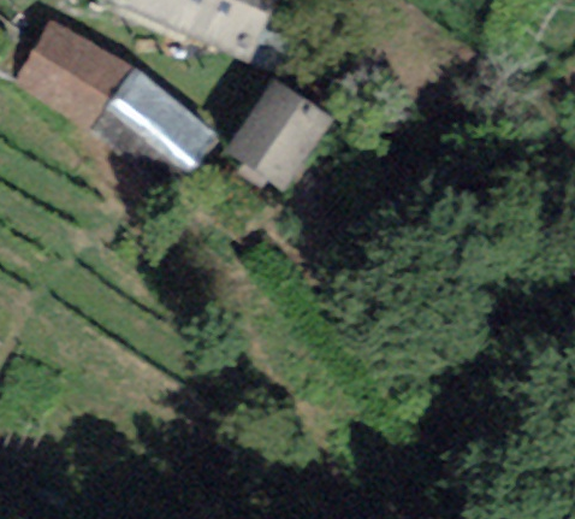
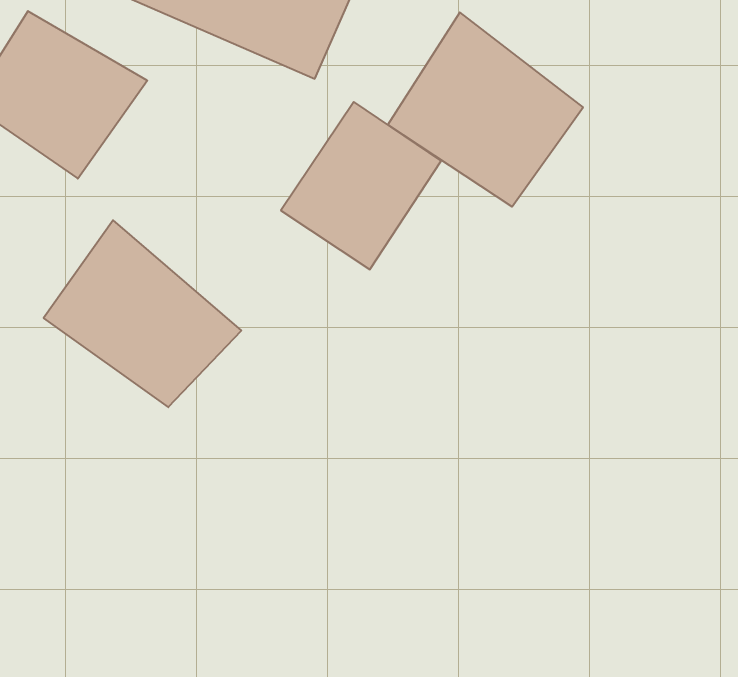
building: none -> [388,12,583,207]
building: [88,63,221,189] -> [44,220,241,407]

